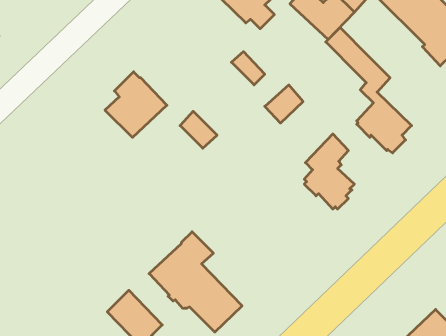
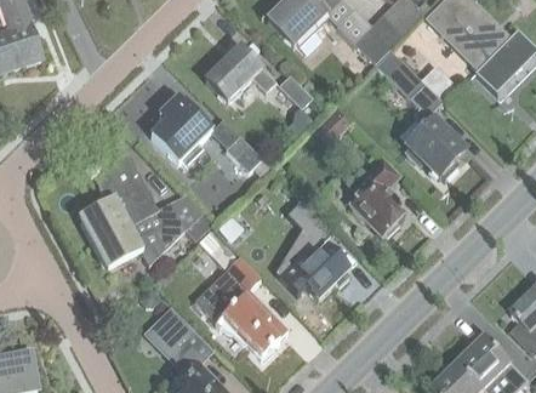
building: none -> [205,45,275,101]
building: none -> [81,152,212,266]
building: none -> [289,239,348,300]

